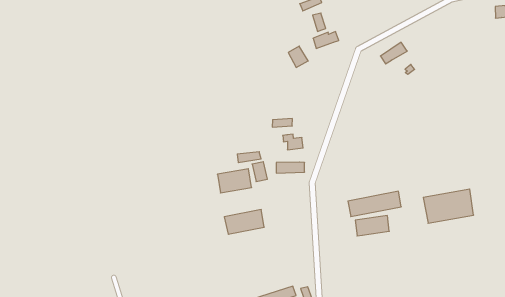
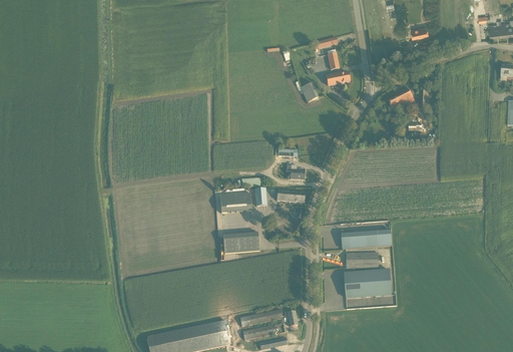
building: [423,189,474,223] -> [344,270,390,298]

